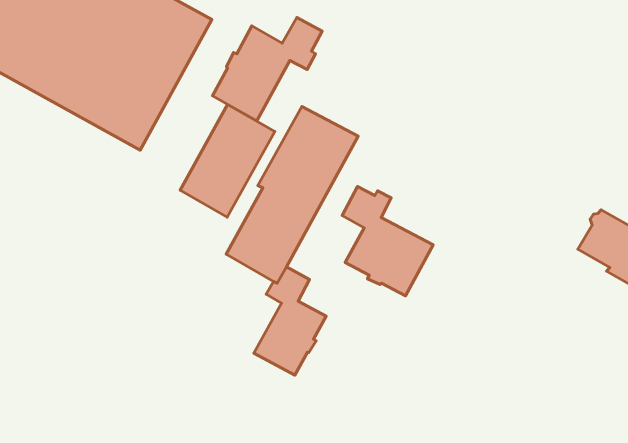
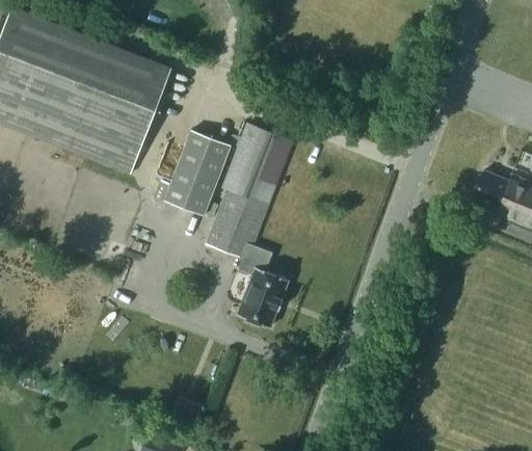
building: [212,18,322,121] -> none
building: [342,186,433,296] -> none

